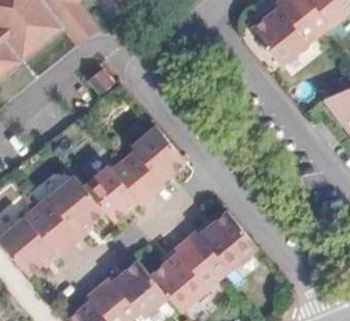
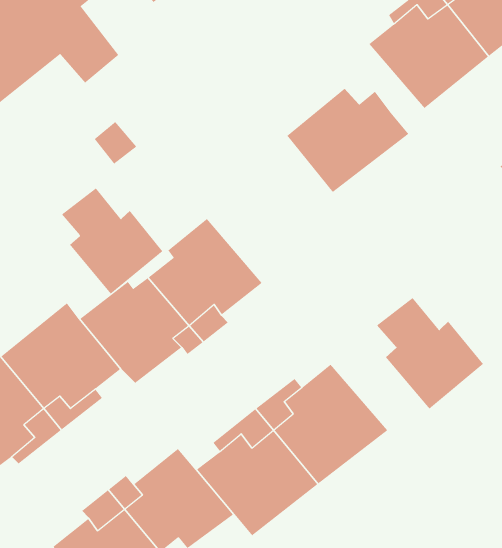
building: none -> [287,88,409,193]
building: none -> [61,188,163,294]
building: none -> [376,297,484,409]

